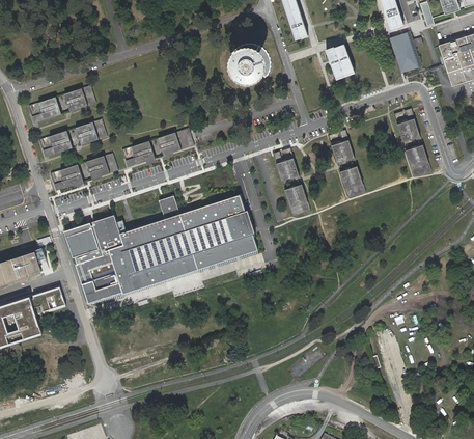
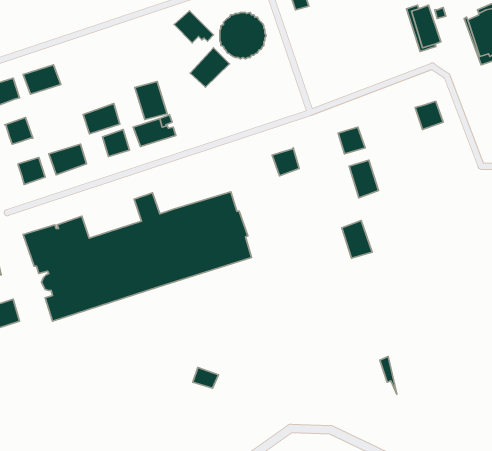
building: none -> [174,11,214,43]
building: [325,45,354,80] -> none
building: none -> [190,48,230,87]
building: none -> [135,82,167,120]
building: [75,119,106,145] -> [83,103,120,134]
building: [406,145,431,177] -> none
building: [284,185,310,217] -> [342,220,372,258]

